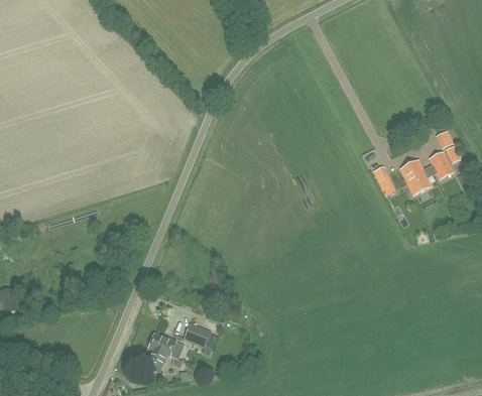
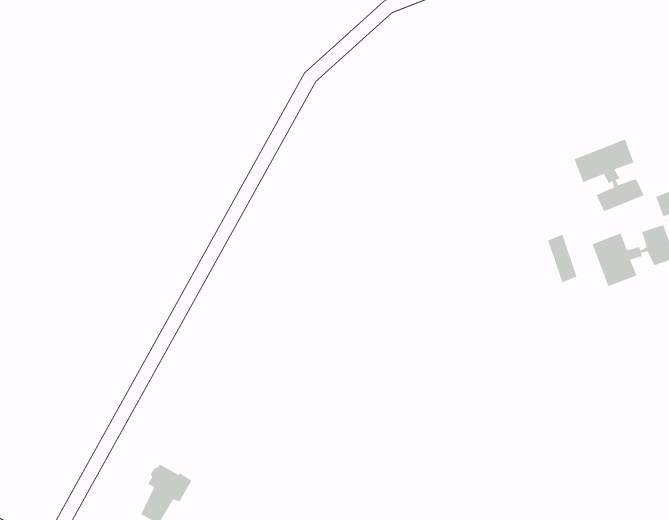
building: none -> [574,139,645,212]
building: [184,321,211,346] -> none

